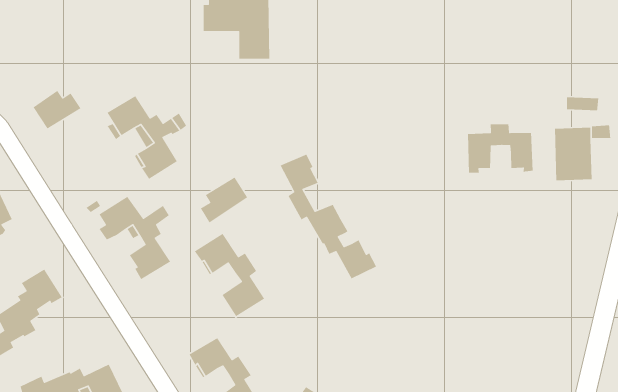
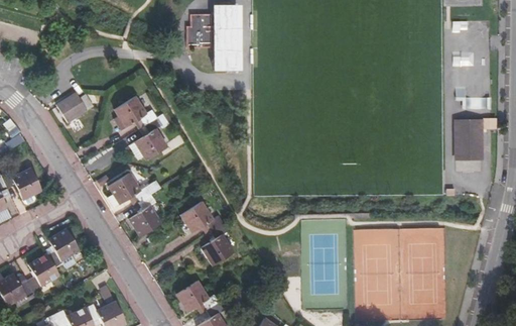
building: [467,124,534,173] -> none
building: [279,153,377,279] -> none
building: [200,176,248,223] -> none

